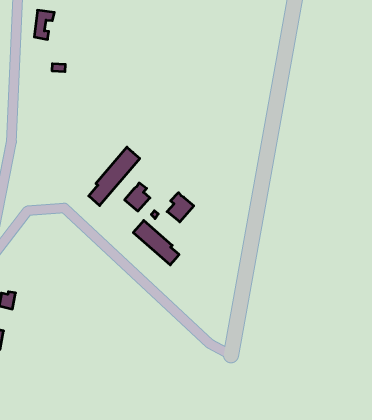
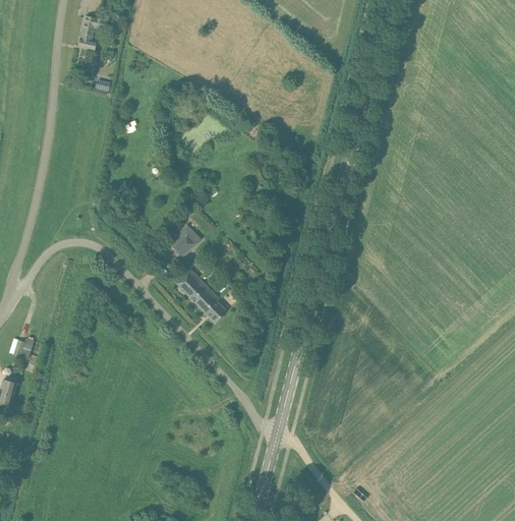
building: [89,147,140,206] -> none
building: [167,193,194,222] -> none

